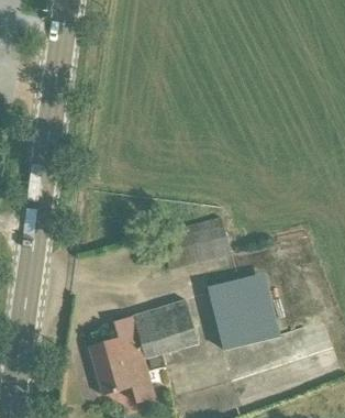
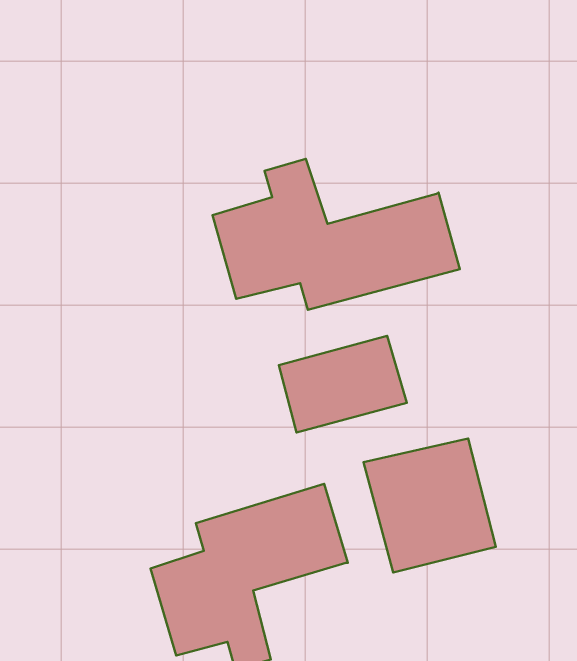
building: none -> [213,159,460,310]

